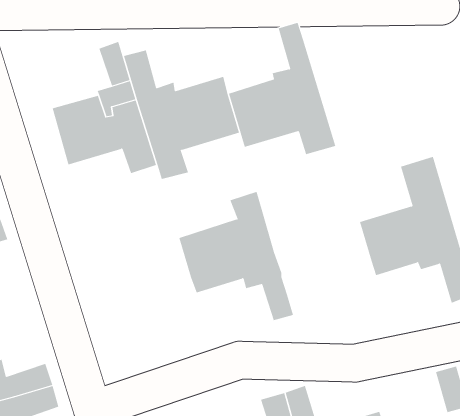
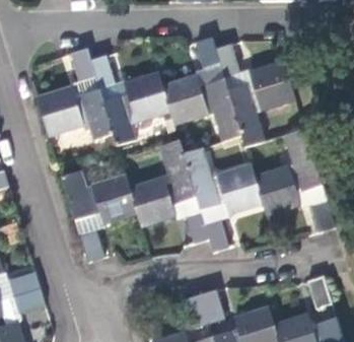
building: none -> [215,42,296,147]
building: none -> [187,159,262,253]
building: none -> [63,169,136,262]

